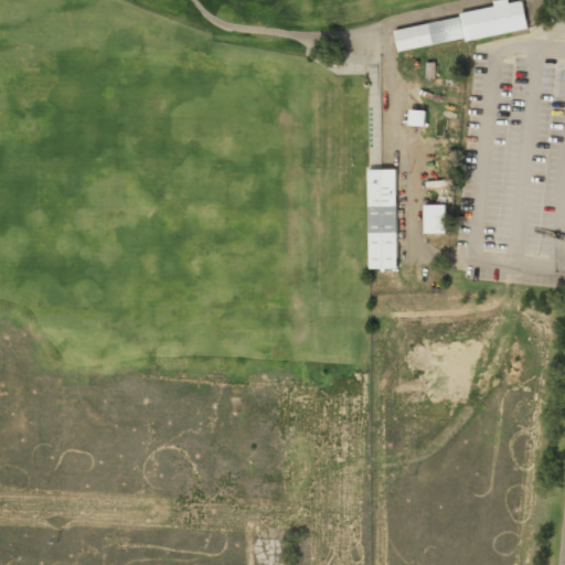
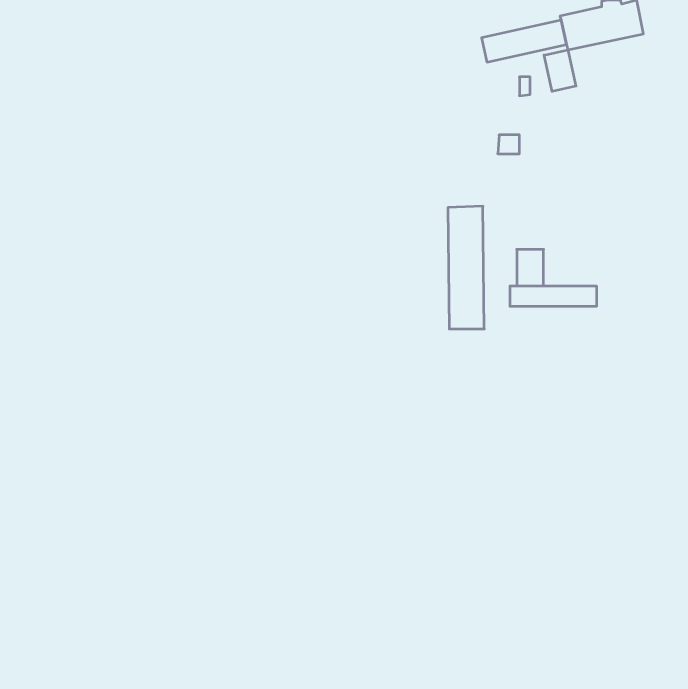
building: none -> [544,50,576,91]
building: none -> [510,286,596,306]

